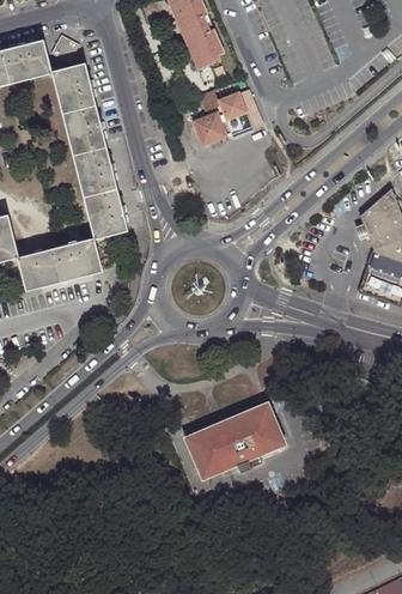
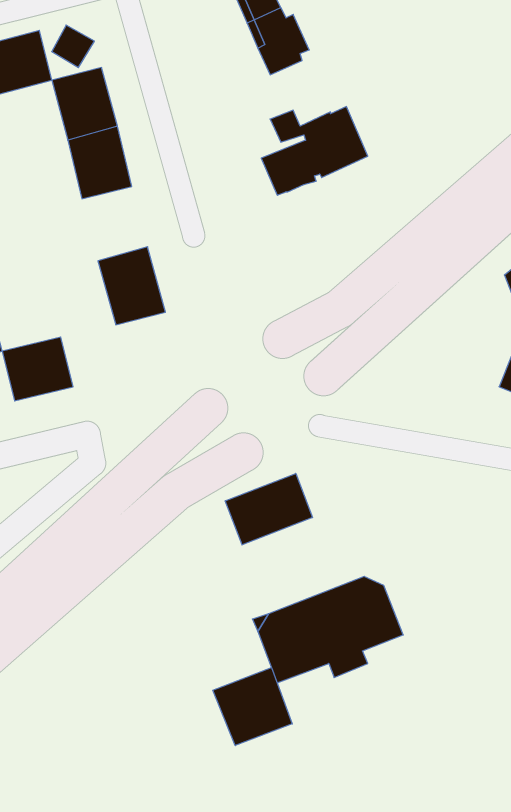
building: [71,145,115,195] -> none
building: [56,238,102,280] -> none
building: none -> [225,473,312,545]
building: none -> [213,667,292,746]

